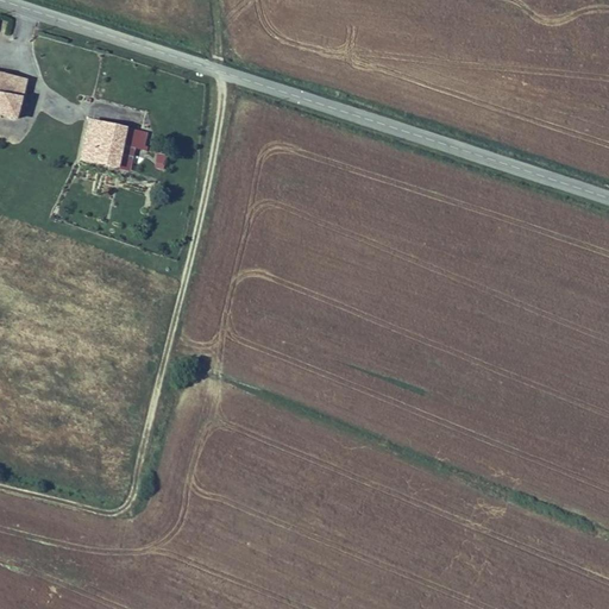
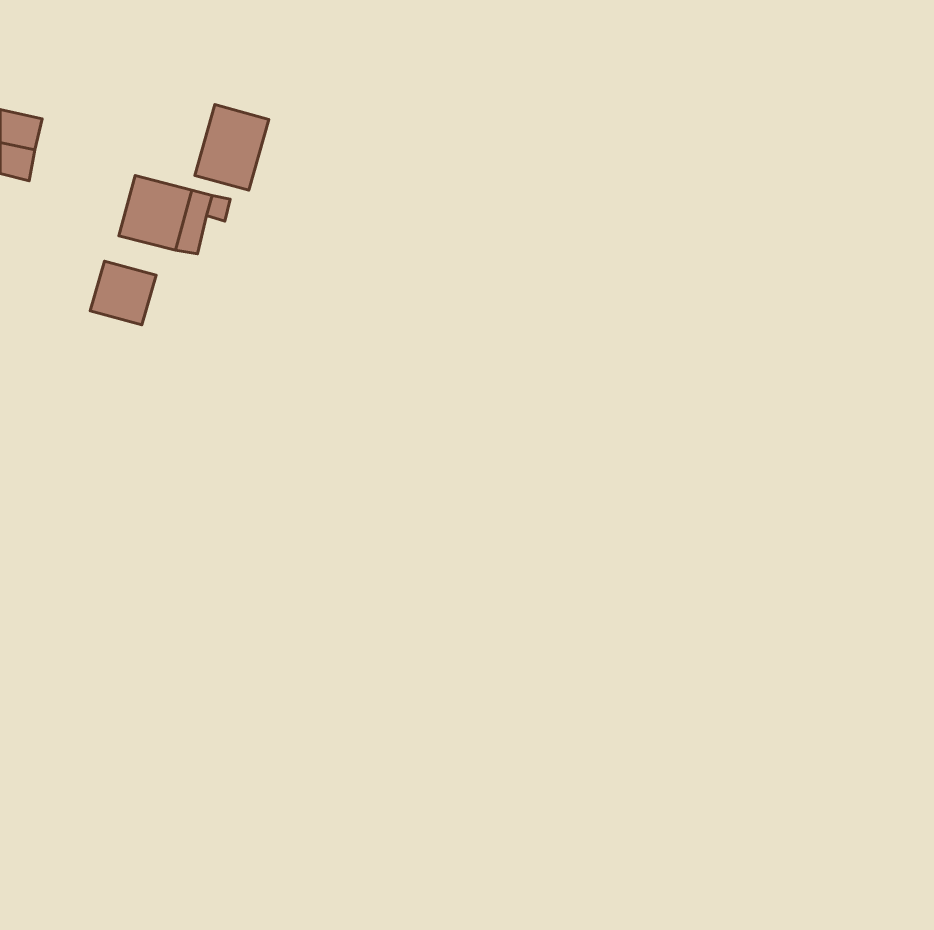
building: none -> [195,105,269,190]
building: none -> [90,261,156,325]

